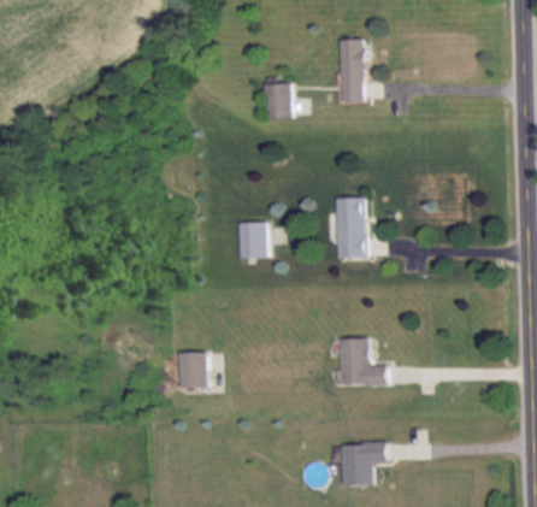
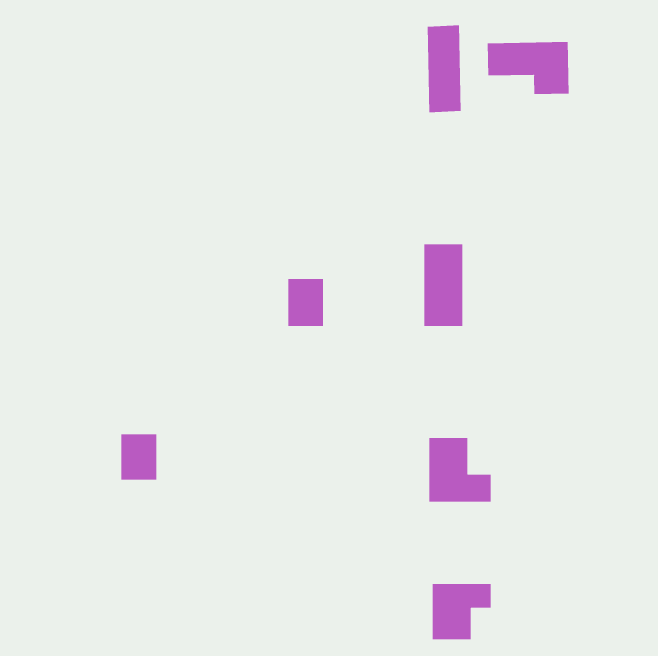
building: none -> [487,41,569,95]
building: [262,83,290,118] -> none
building: [178,353,205,387] -> [121,434,157,480]

